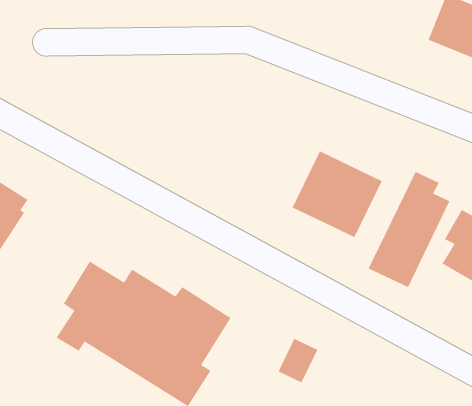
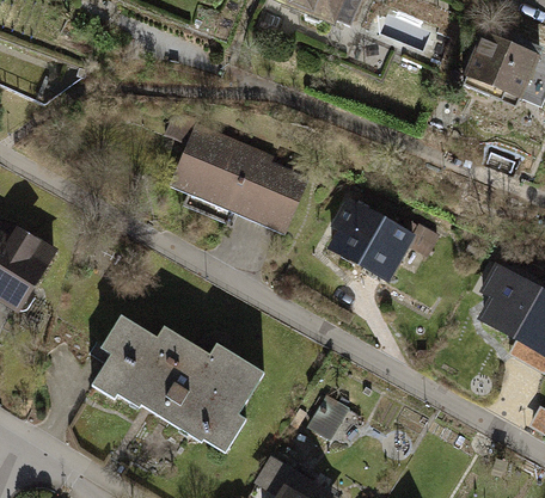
building: none -> [165,119,311,238]
building: [368,171,451,288] -> none

